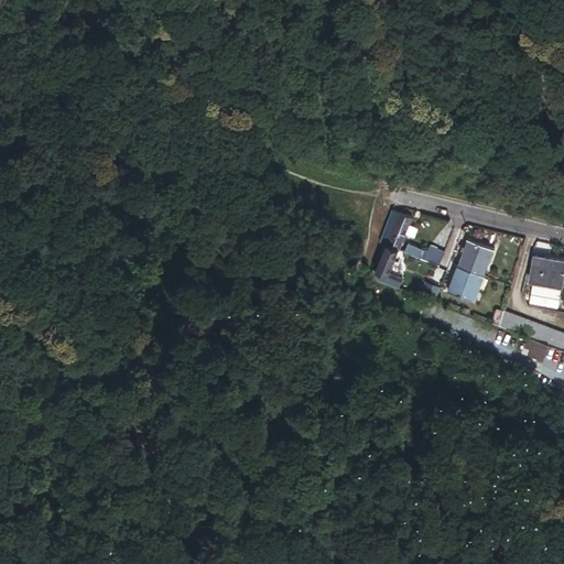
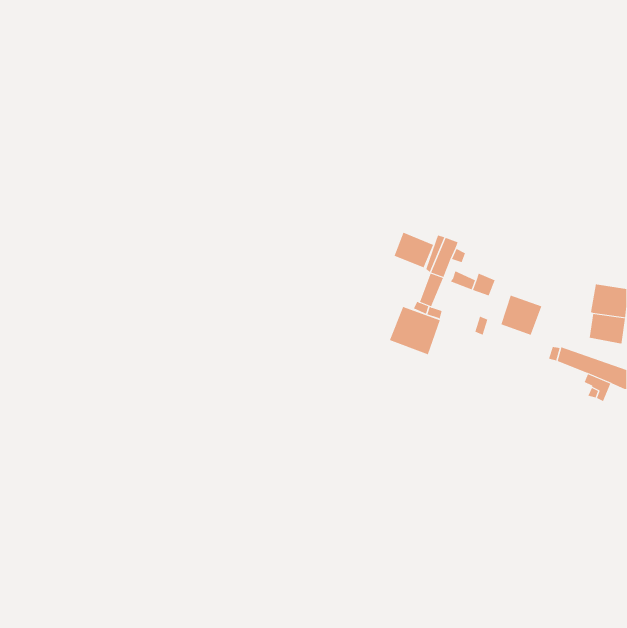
building: none -> [394,232,434,268]
building: [457,239,495,274] -> none
building: none -> [389,306,441,355]

